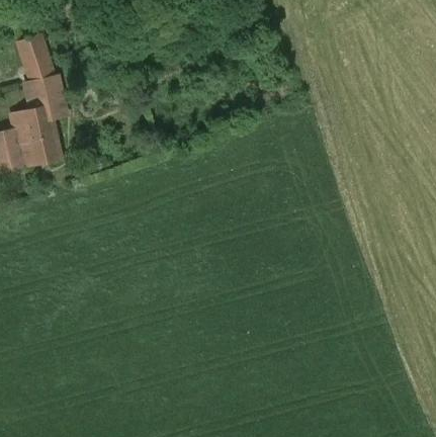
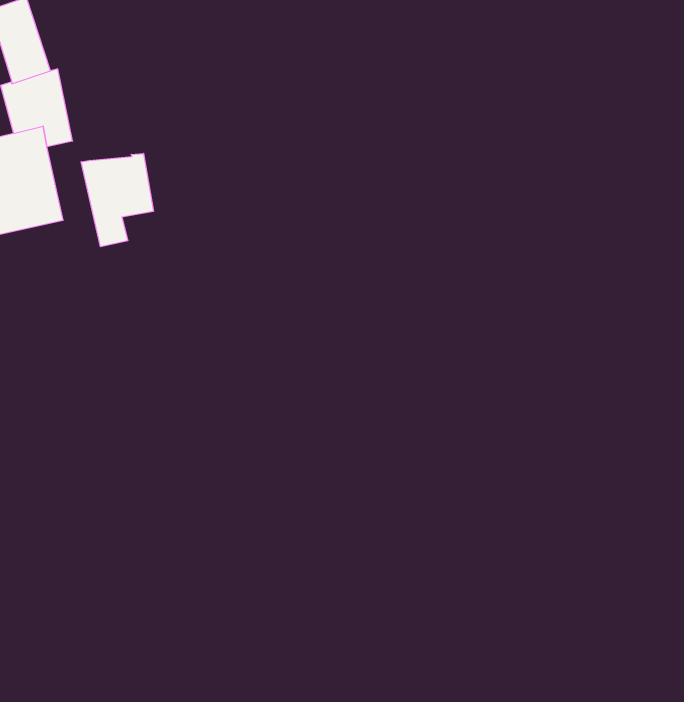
building: none -> [81,153,153,247]

